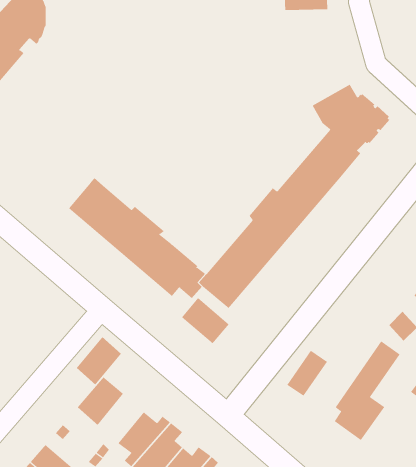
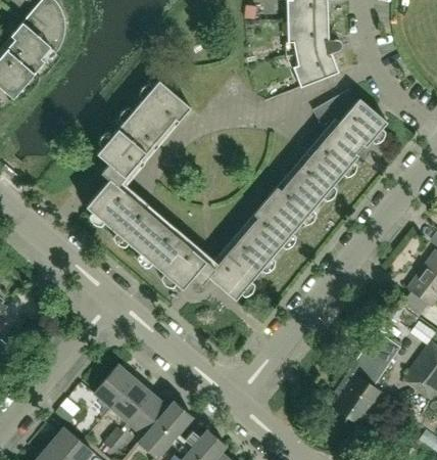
building: none -> [288,20,339,88]
building: none -> [95,81,191,185]
building: [181,297,229,344] -> none
building: [76,336,122,385] -> [113,380,156,426]
building: [287,350,328,397] -> none

